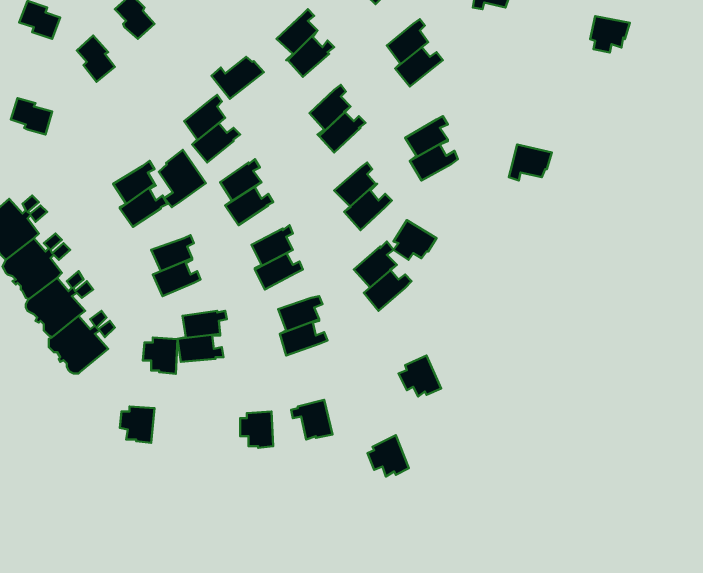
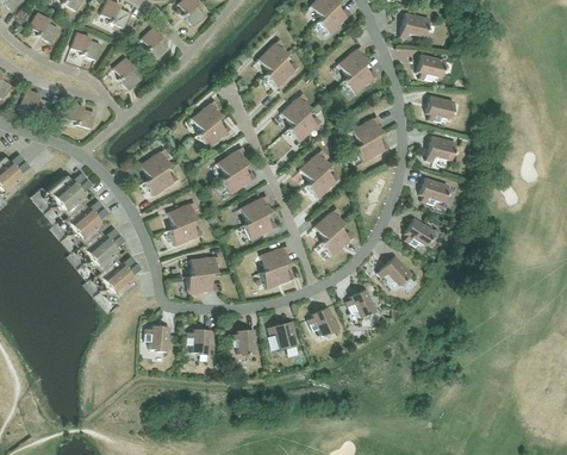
building: [590,16,630,52] -> [417,55,446,81]
building: [212,57,264,99] -> none
building: none -> [425,95,454,123]
building: [159,150,206,207] -> none
building: none -> [419,177,448,205]
building: [394,220,436,260] -> [404,218,435,247]
building: none -> [376,255,412,286]
building: [143,337,177,374] -> [186,329,211,355]
building: [368,435,409,476] -> [307,306,337,336]

